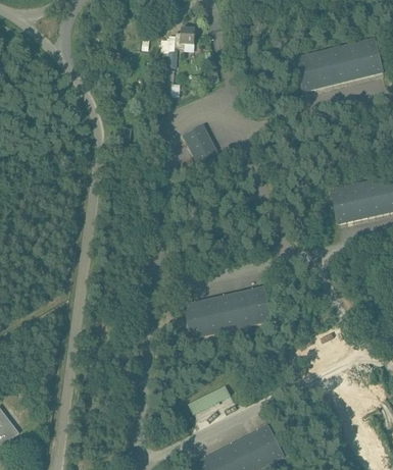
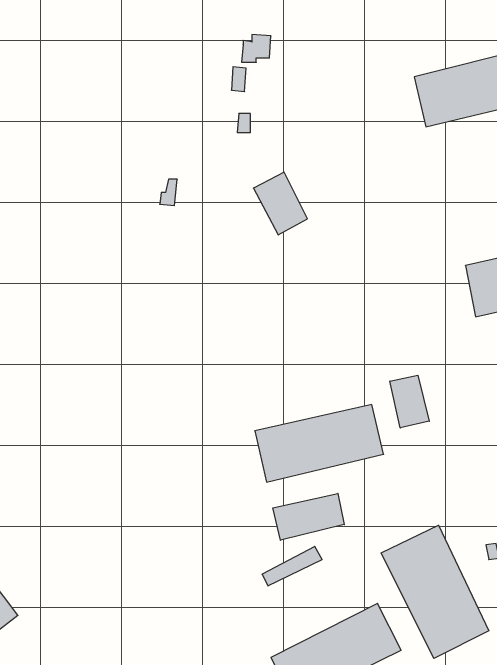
building: none -> [390,375,429,428]
building: none -> [273,493,344,540]
building: none -> [381,525,489,658]

